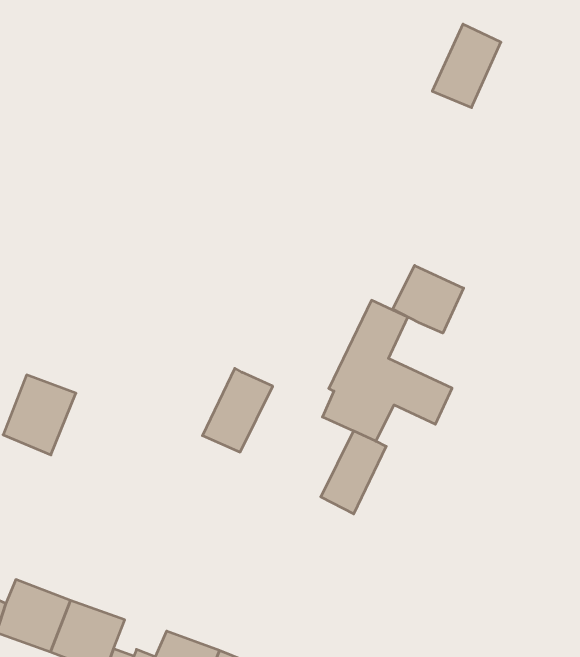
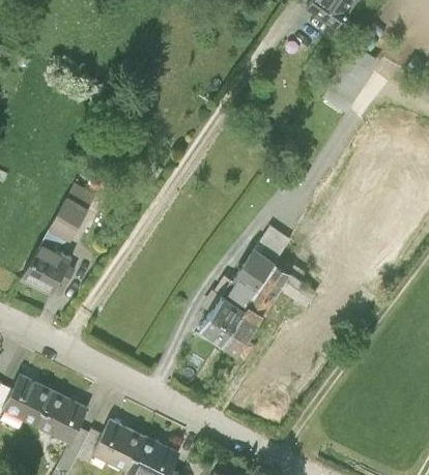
building: [393,265,464,333] -> none
building: none -> [48,184,98,247]
building: [202,368,273,452] -> [197,293,246,347]

